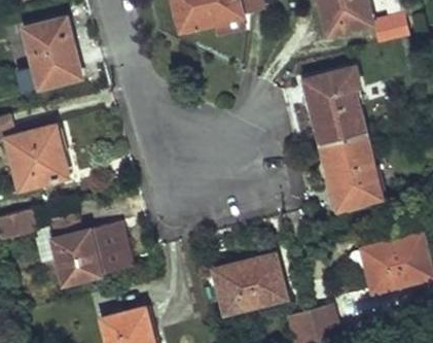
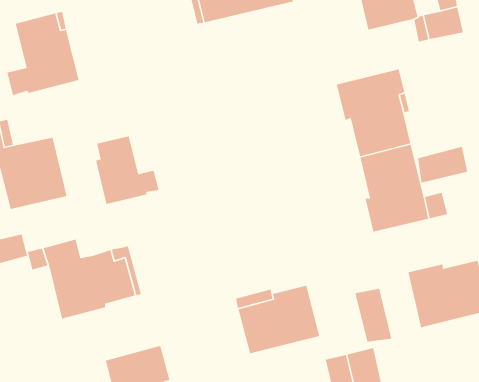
building: none -> [95,136,159,205]
building: none -> [417,146,468,184]
building: none -> [354,288,392,342]

